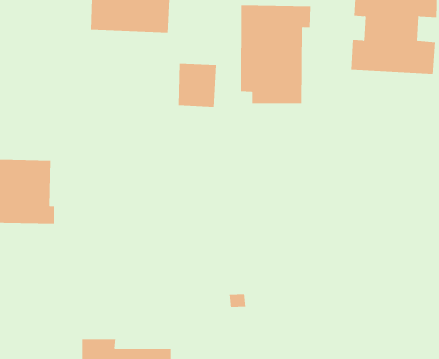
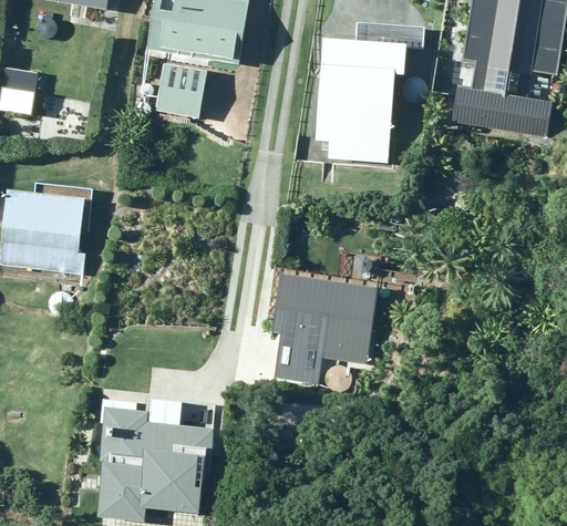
building: [178,63,217,107] -> [156,60,207,116]
building: none -> [274,271,379,365]

